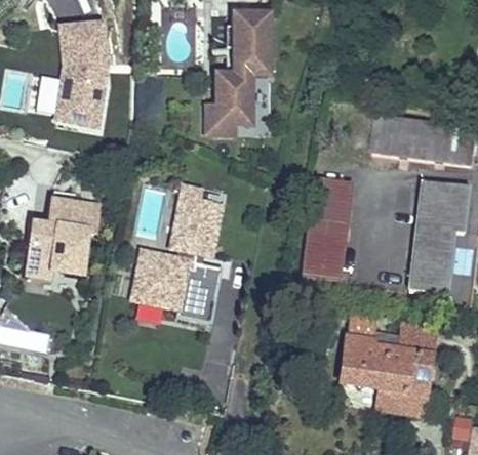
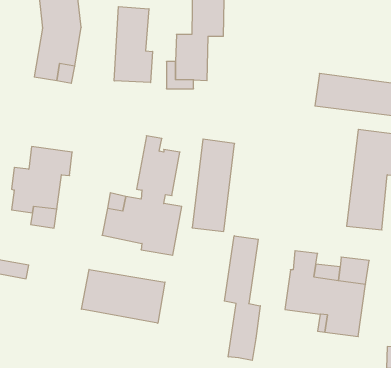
building: none -> [114,7,153,83]
building: [302,175,350,280] -> [192,139,235,231]
building: none -> [224,236,260,360]
building: none -> [81,269,165,323]

